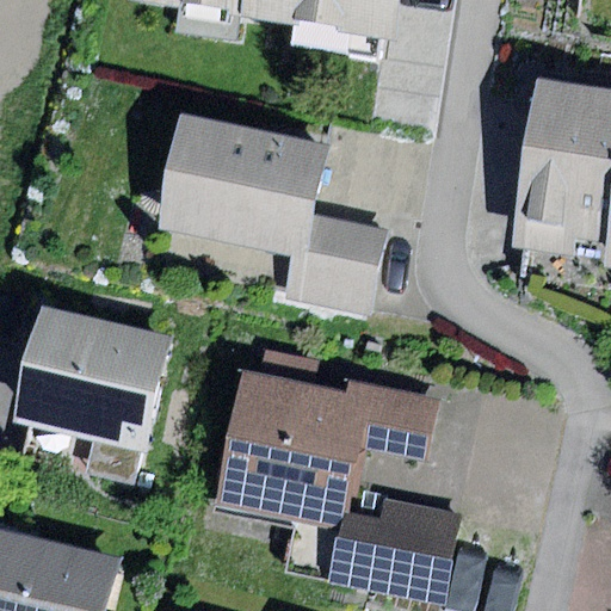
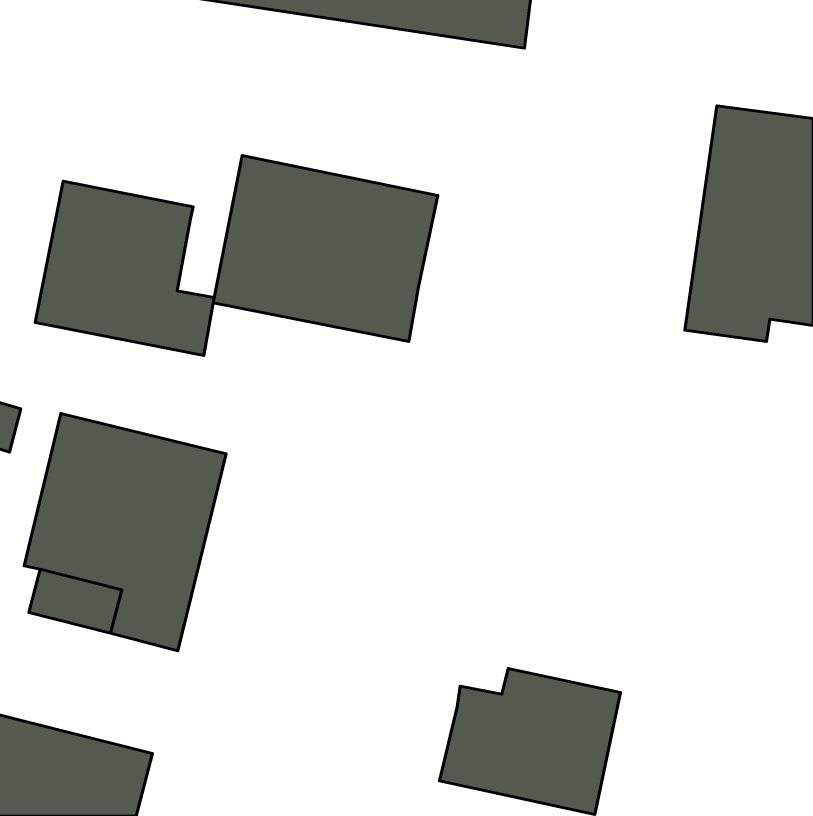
building: none -> [35,181,214,355]
building: [295,214,385,314] -> none
building: [215,372,436,526] -> none

